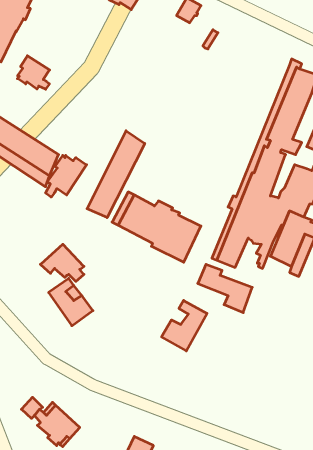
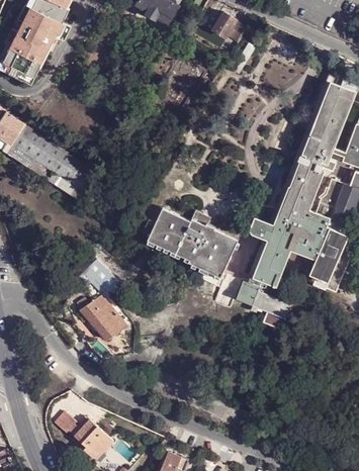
building: [17,56,50,89] -> none
building: [87,131,145,218] -> none
building: [46,155,87,197] -> none
building: [162,300,207,351] -> none

